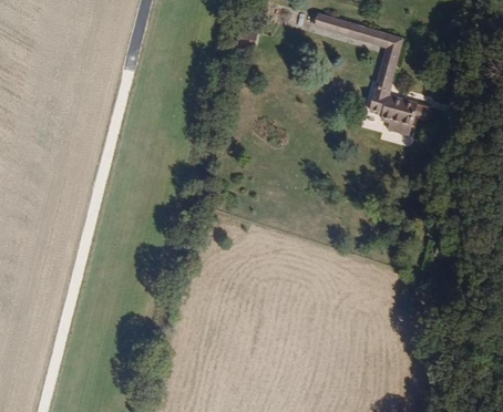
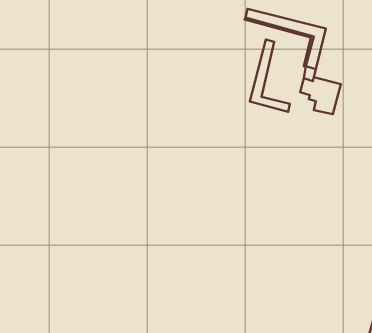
building: none -> [250,40,290,112]

